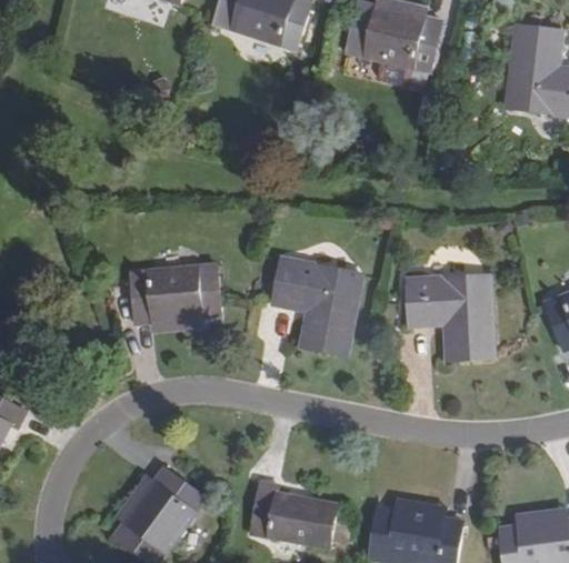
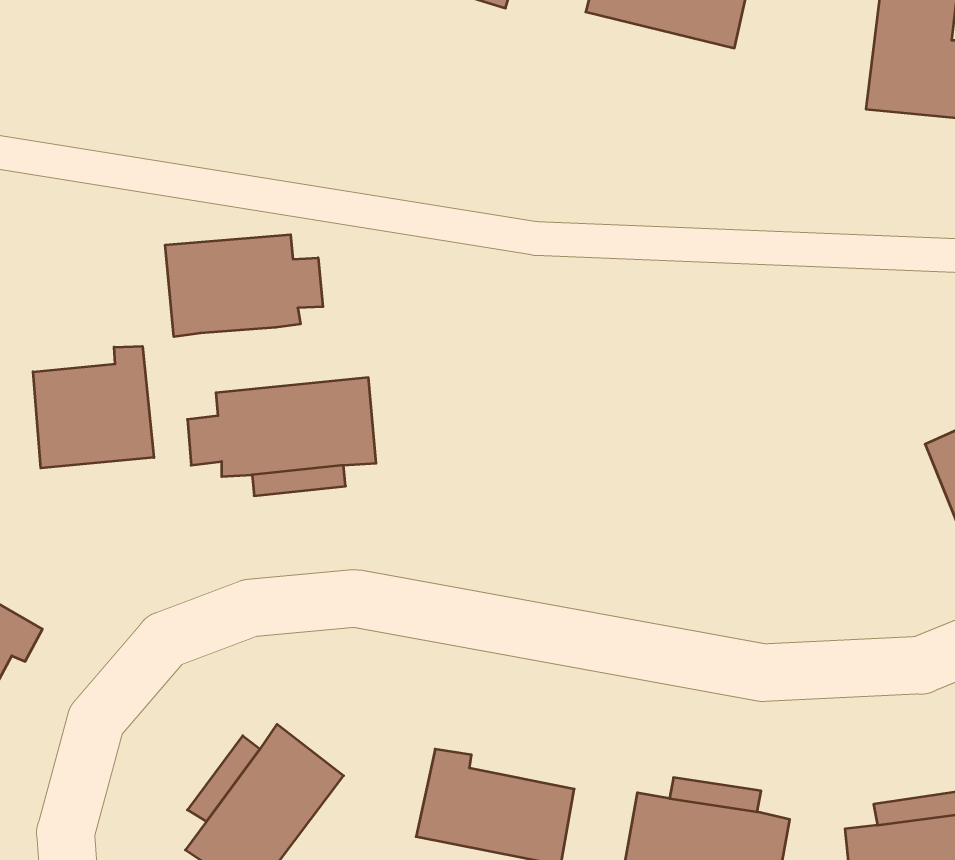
building: none -> [165,235,323,337]
building: none -> [33,346,154,468]
building: [276,260,362,354] -> none
building: [409,278,493,361] -> none

